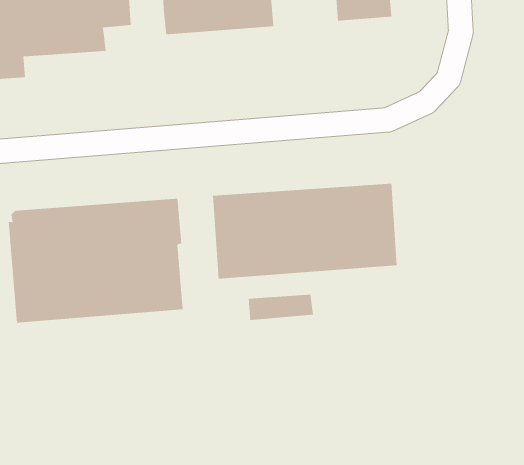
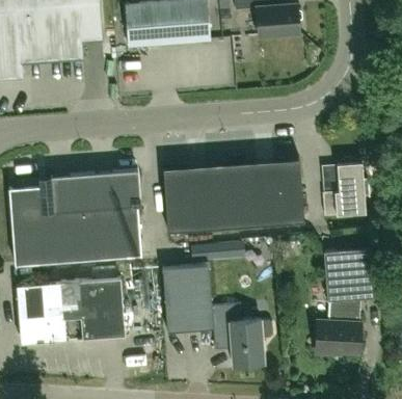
building: none -> [322,158,370,216]
building: none -> [315,248,375,355]
building: none -> [162,265,272,366]
building: none -> [17,277,125,344]

